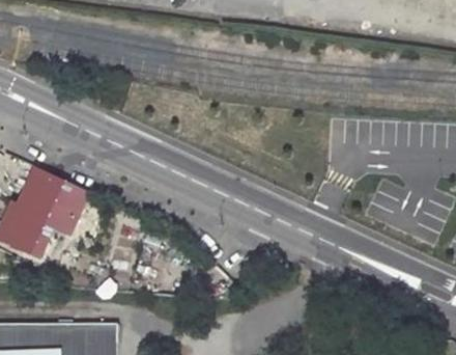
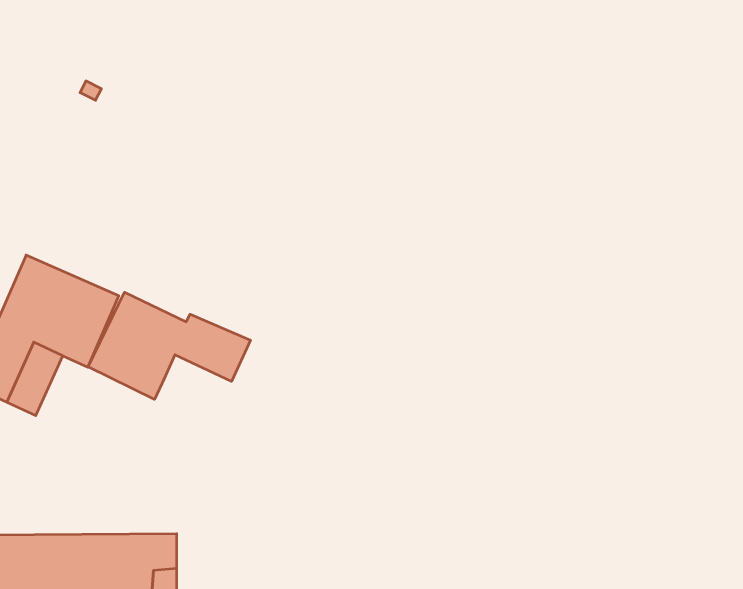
building: none -> [88,292,250,399]

